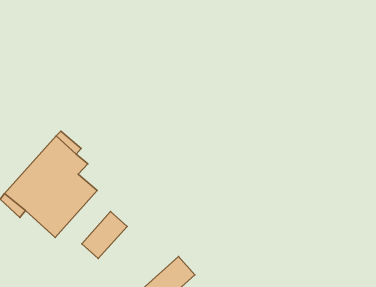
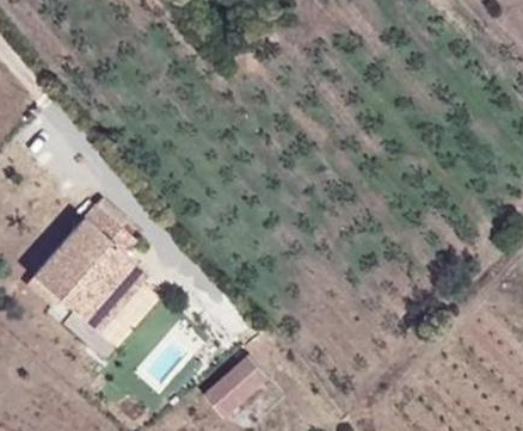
building: [82,212,127,259] -> none

